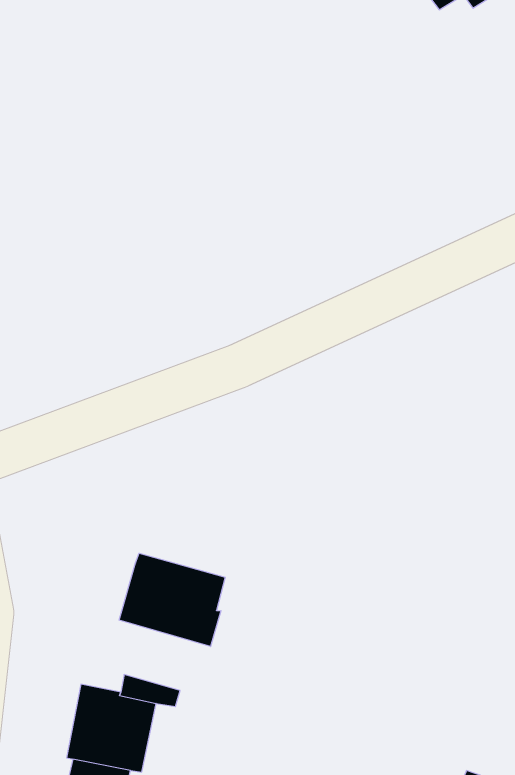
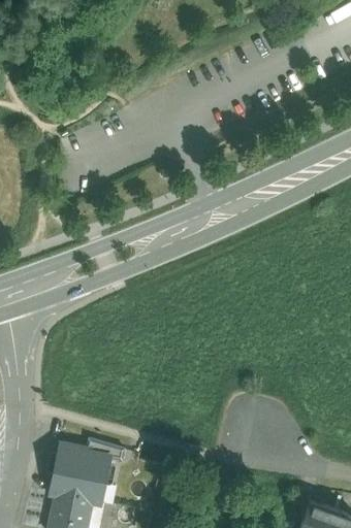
building: [119,553,225,647] -> none

